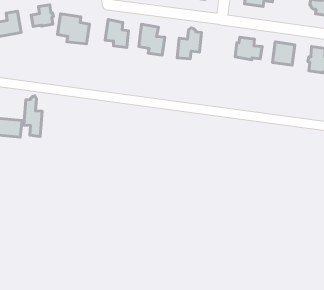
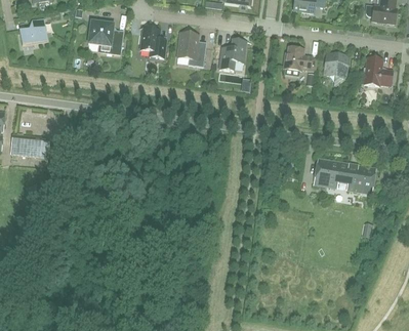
building: [31,5,53,26] -> none
building: [24,96,42,137] -> none
building: none -> [314,158,375,193]

